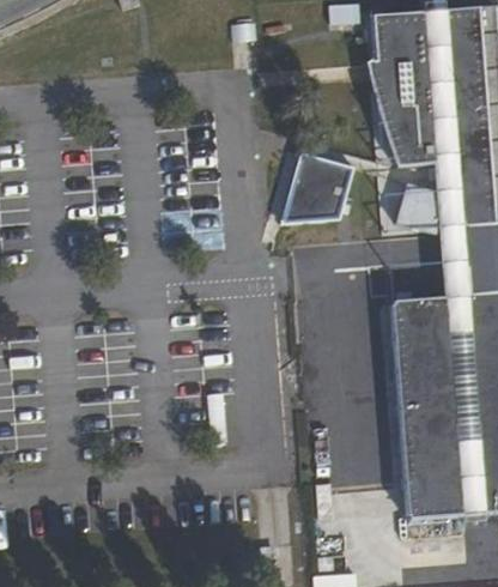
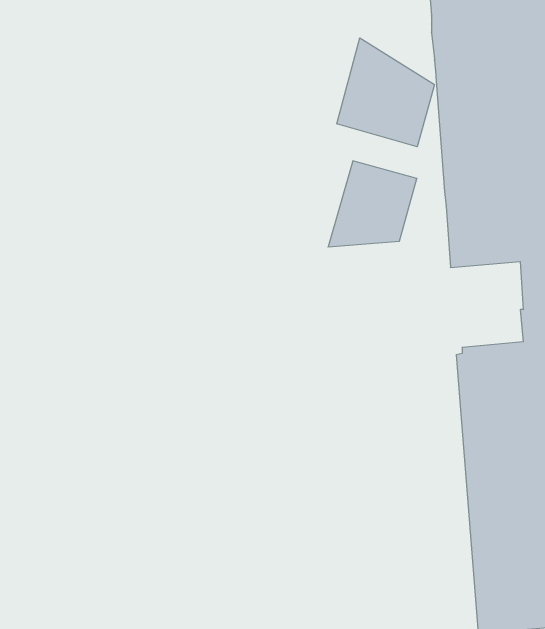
building: none -> [337,38,434,147]

